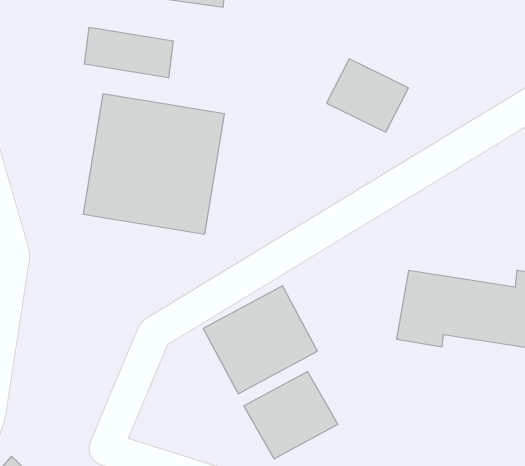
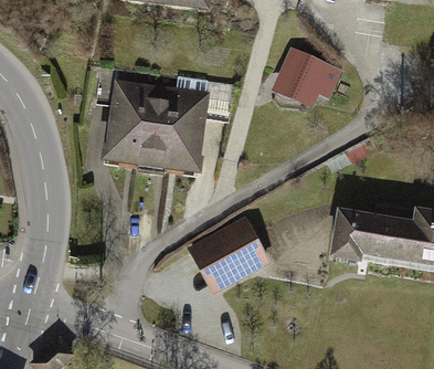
building: [85,27,173,78] -> none
building: [244,371,338,459] -> none

